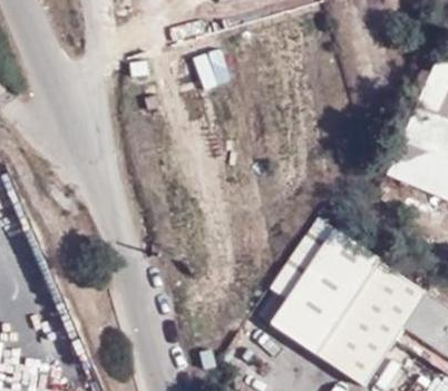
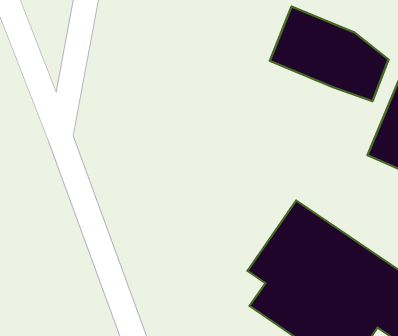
building: none -> [270,6,388,101]

